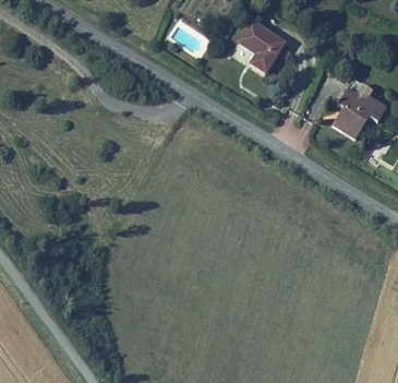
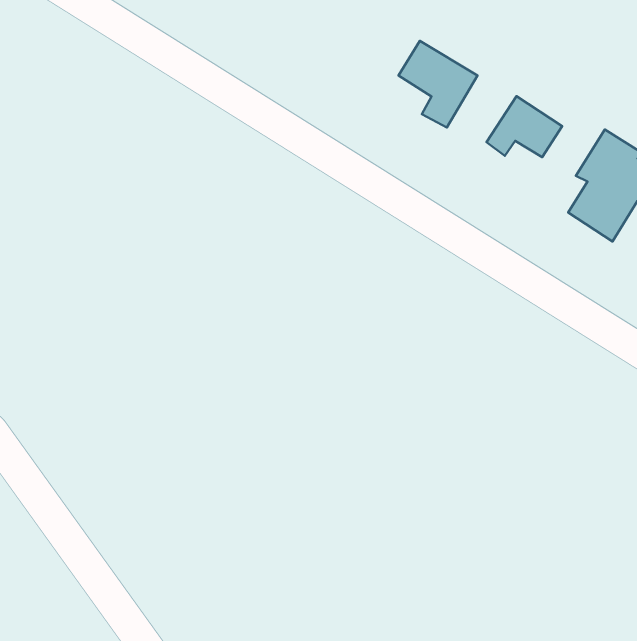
building: none -> [486,96,562,157]

